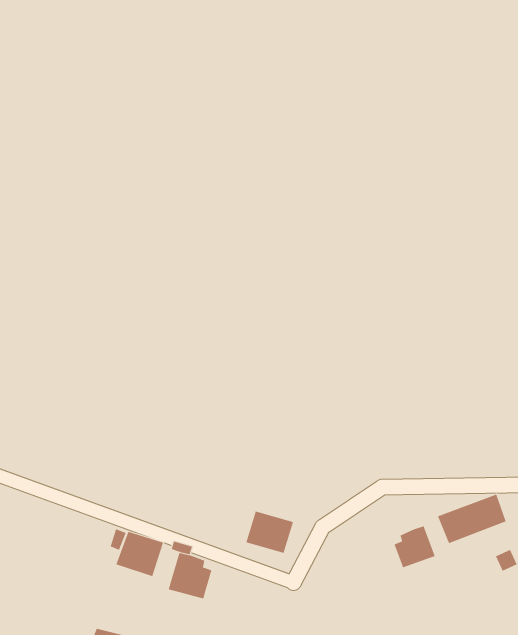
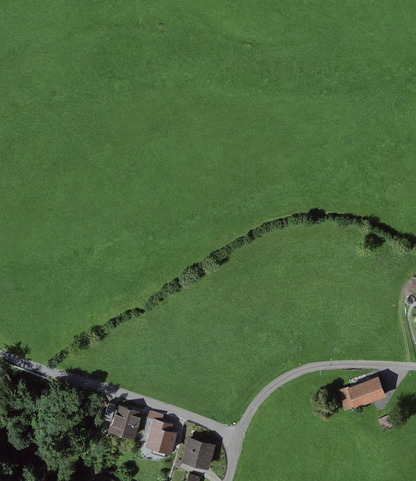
building: [246,511,294,554] -> [179,437,214,468]
building: [394,525,436,568] -> none

